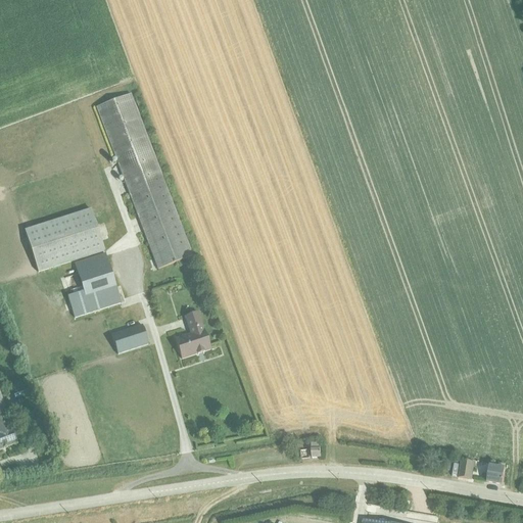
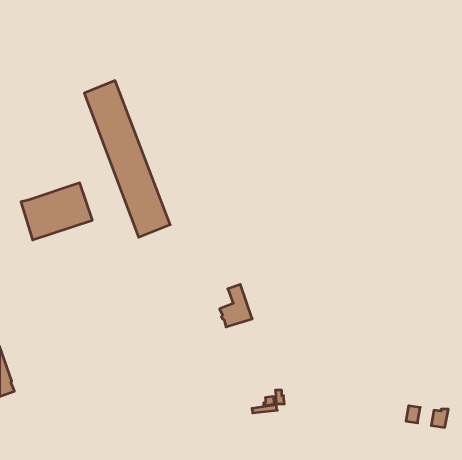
building: [66,250,121,316] -> none
building: [174,310,210,358] -> [220,284,252,327]
building: [110,322,148,352] -> none

